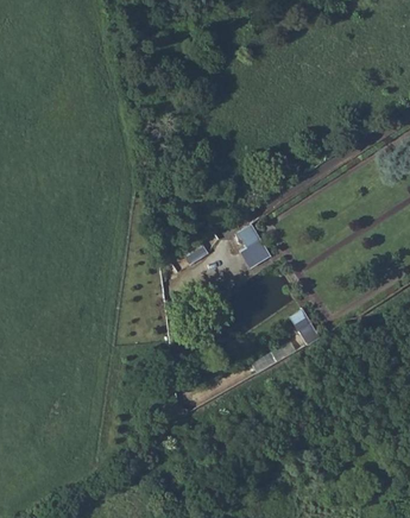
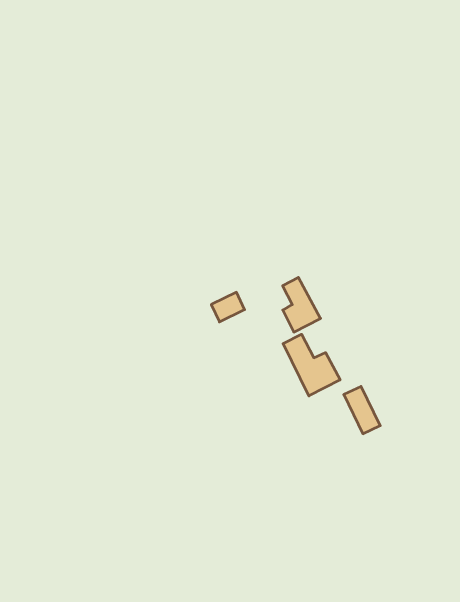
building: none -> [283,334,340,396]

